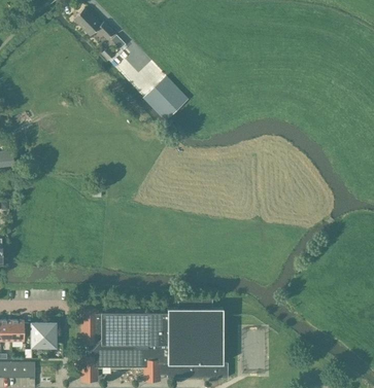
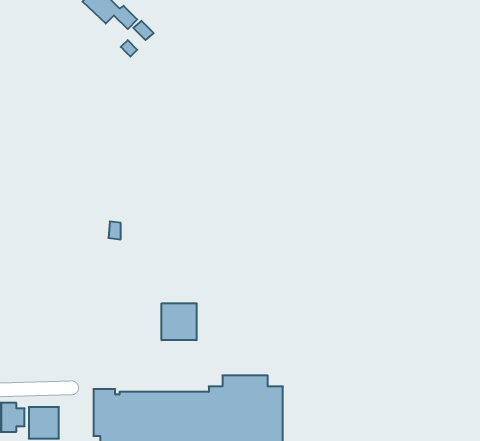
building: [142,76,188,121] -> none
building: none -> [162,303,197,340]

